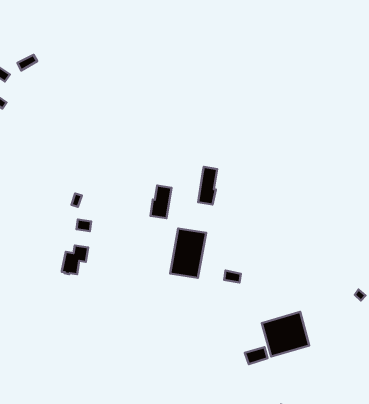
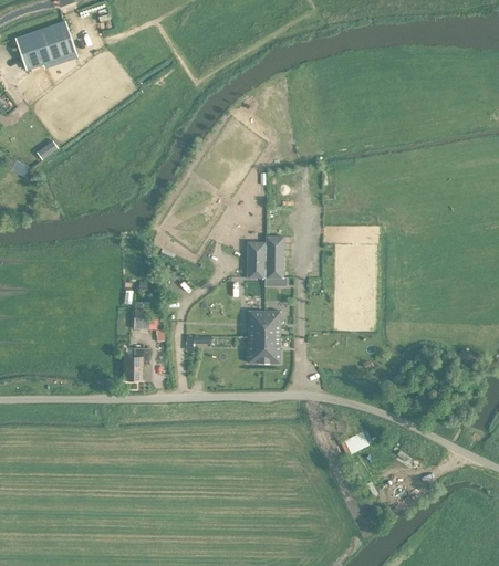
building: [150,185,171,218] -> [247,242,266,277]
building: [262,312,309,357] -> none

